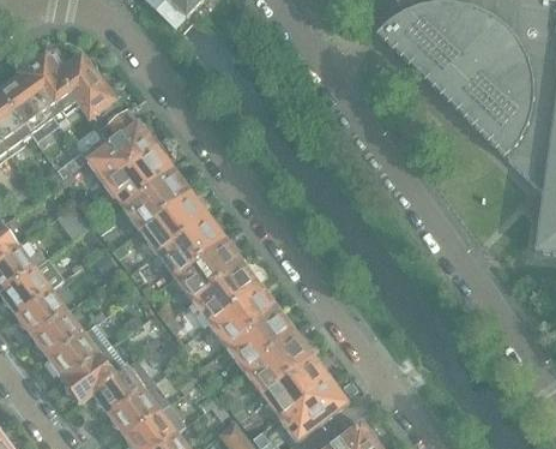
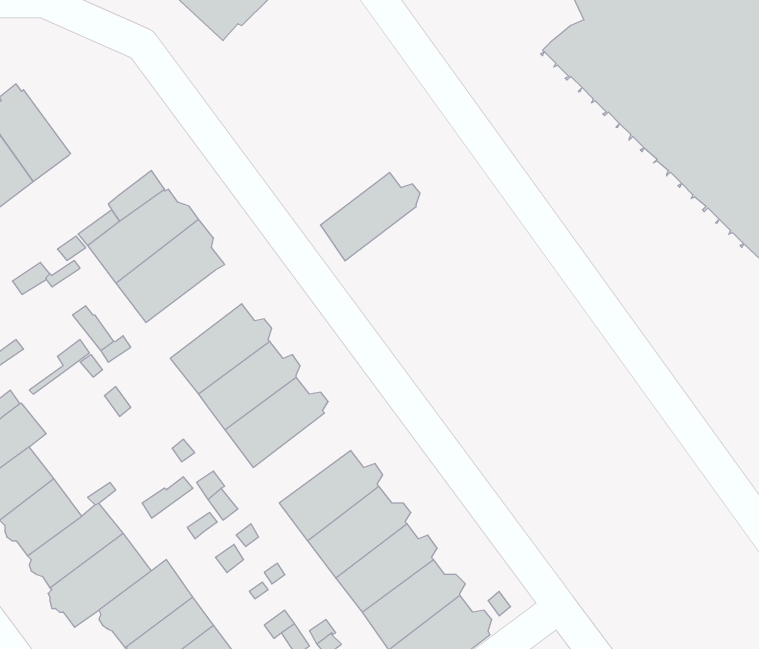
building: [47,49,119,119] -> none
building: [125,173,188,229] -> [320,173,420,261]
building: [193,264,258,322] -> none

